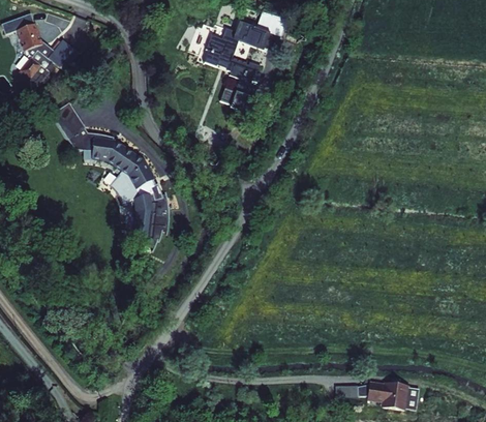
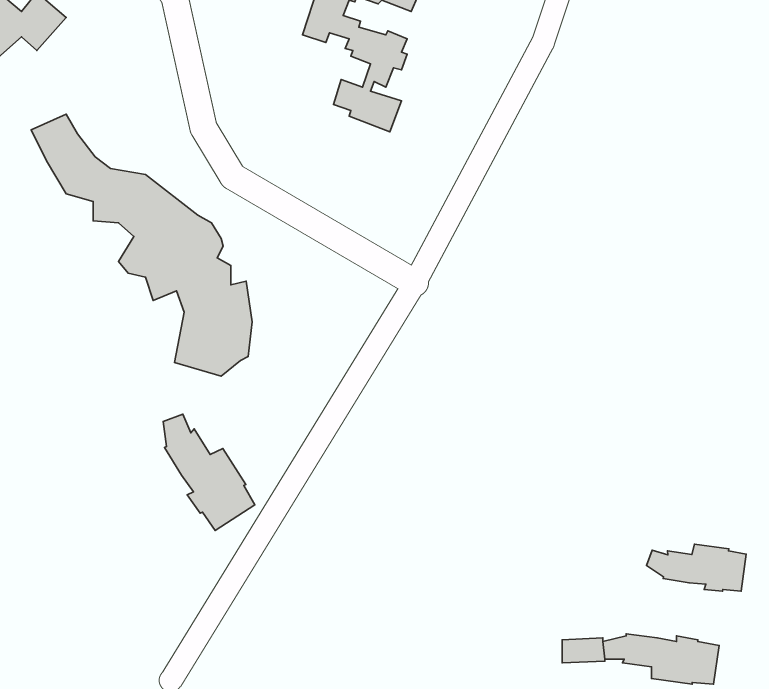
building: none -> [163,414,255,530]
building: none -> [646,544,746,591]

